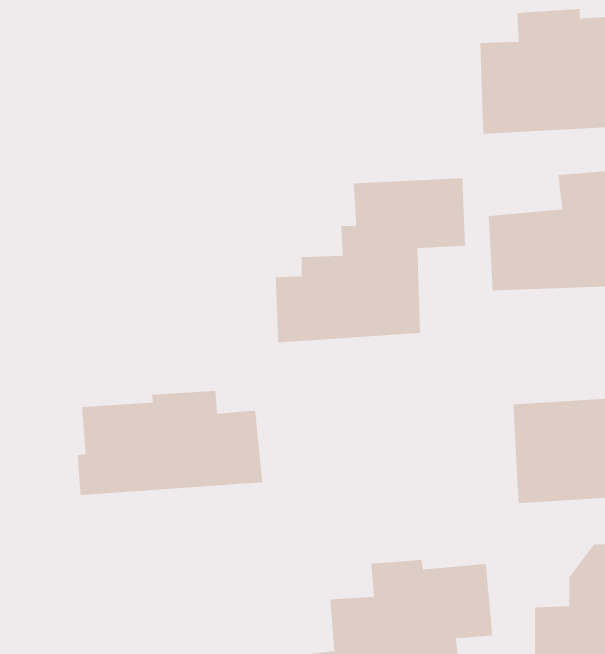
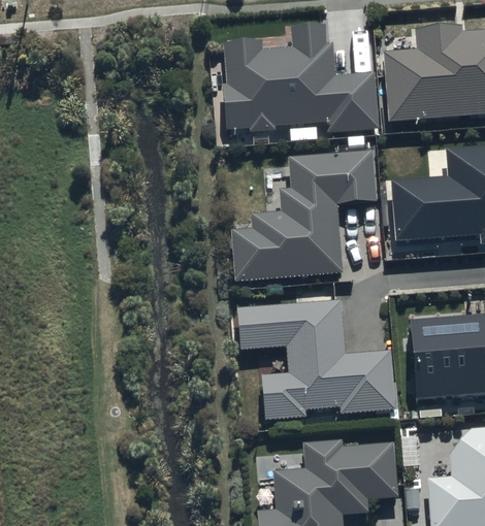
building: none -> [223,27,377,130]
building: none -> [236,301,394,419]
building: [77,390,263,496] -> none

